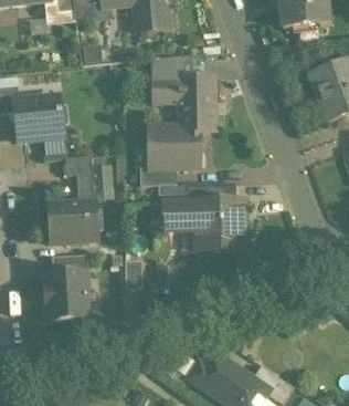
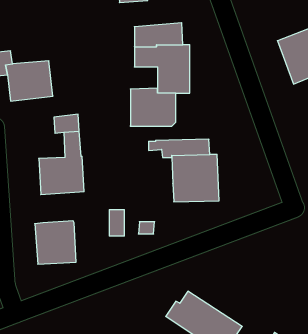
building: [139,167,176,186] -> none
building: [163,202,194,232] -> none
building: [51,254,87,274] -> none

